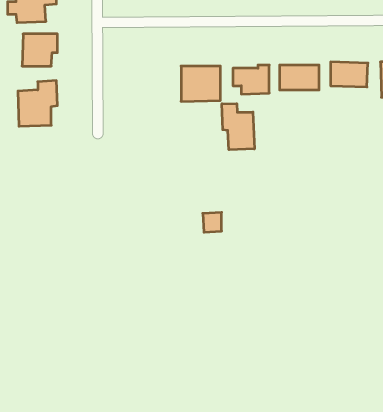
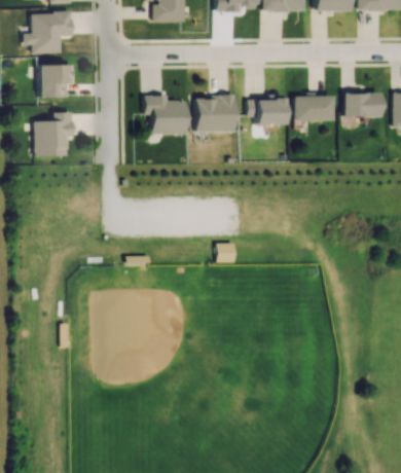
building: none -> [145,95,187,134]
building: [222,104,254,150] -> none

